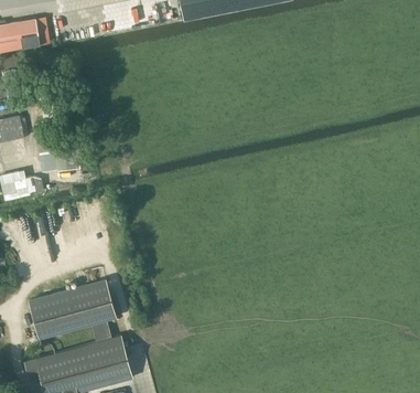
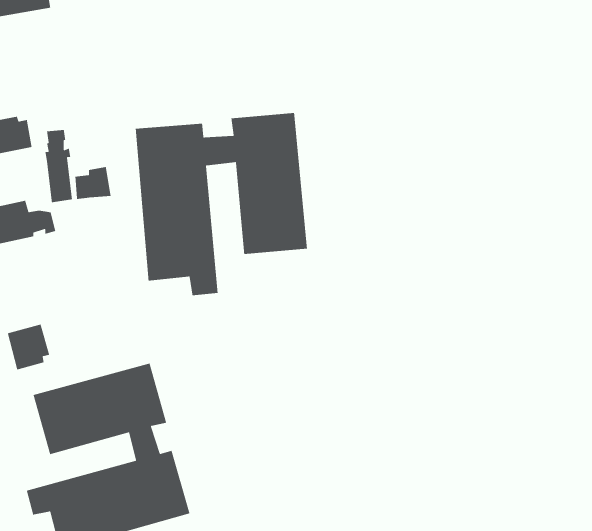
building: none -> [135,112,308,296]
building: none -> [7,323,50,371]

